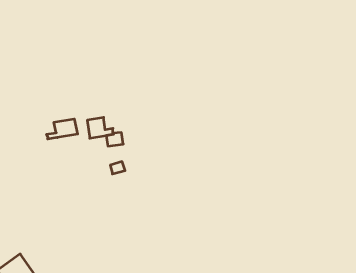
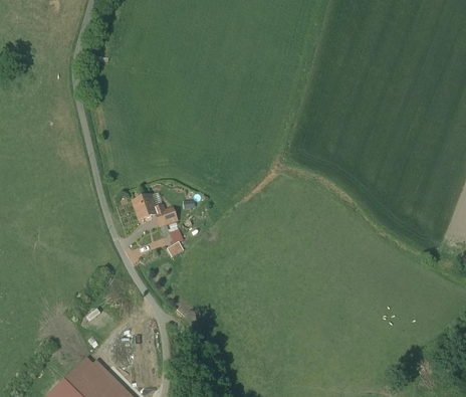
building: [47,119,78,139] -> none

